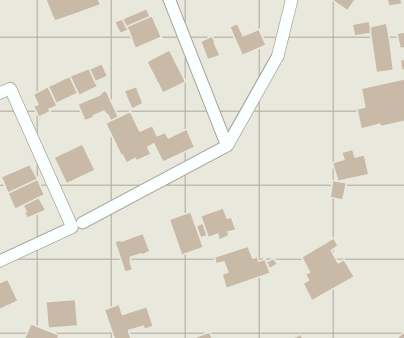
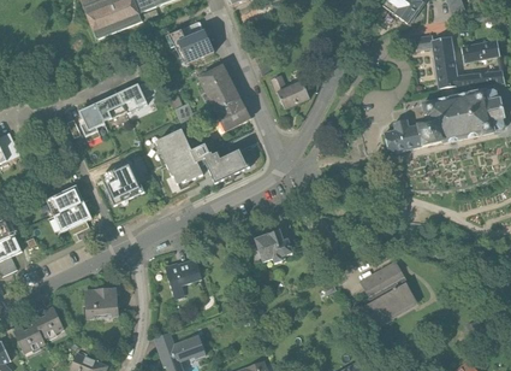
building: [229,23,266,55] -> [272,75,310,108]
building: none -> [215,98,248,130]
building: [78,90,118,121] -> none
building: [332,149,369,181] -> [385,120,423,154]
building: [169,212,203,255] -> none
building: [214,246,270,289] -> none
building: [46,299,78,328] -> [84,287,118,317]

